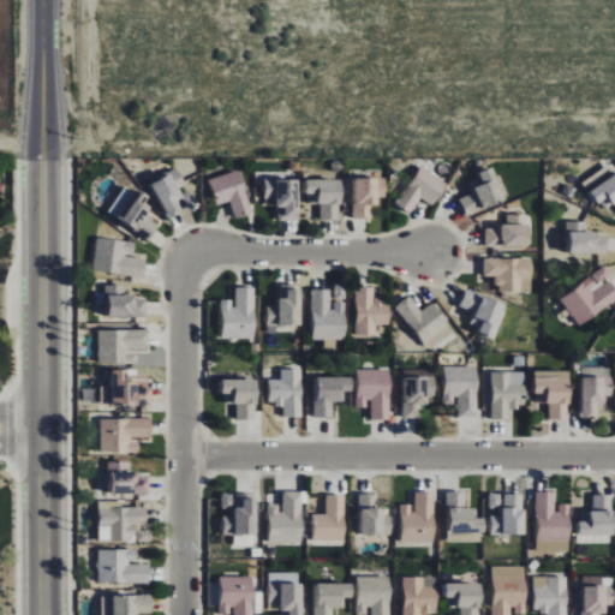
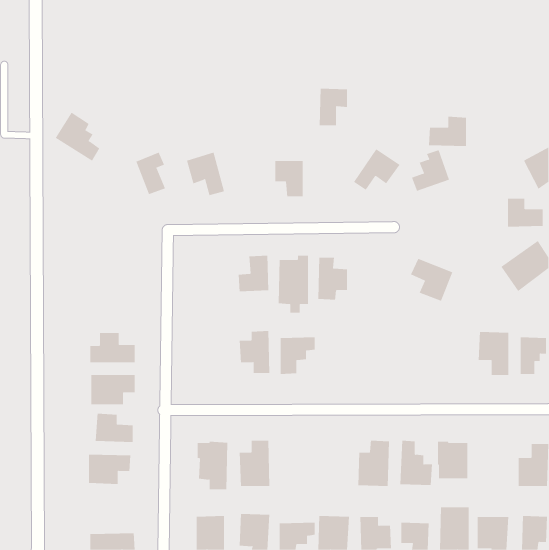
building: [352,177,384,219] -> [319,88,348,126]
building: [261,179,298,221] -> none
building: [107,184,157,239] -> [55,112,100,161]
building: [484,214,527,247] -> [428,116,467,146]
building: [91,237,145,277] -> none
building: [483,257,531,292] -> none
building: [95,285,147,317] -> none
building: [219,286,255,339] -> none
building: [399,297,453,350] -> none
building: [97,329,149,365] -> none
building: [441,366,477,417] -> none
building: [356,369,389,419] -> none
building: [401,369,435,418] -> none
building: [489,371,524,419] -> none
building: [222,378,256,420] -> none
building: [535,491,569,551] -> none
building: [358,492,390,535] -> none
building: [311,494,345,541] -> none
building: [97,549,149,583] -> none

